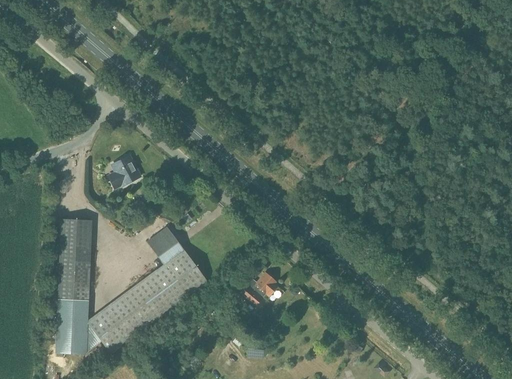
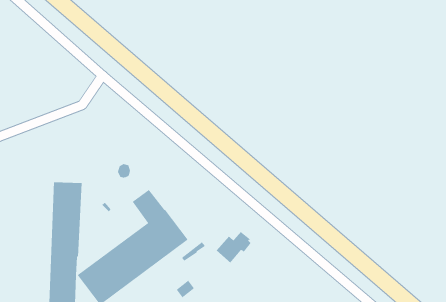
building: [109,155,141,187] -> none

